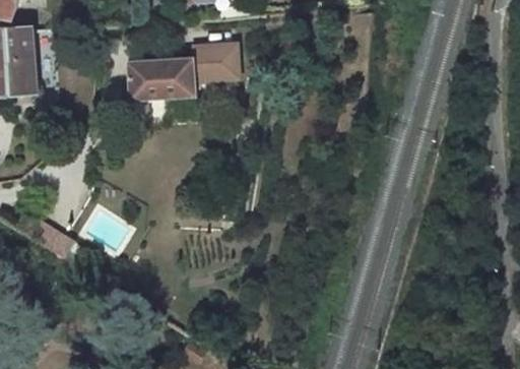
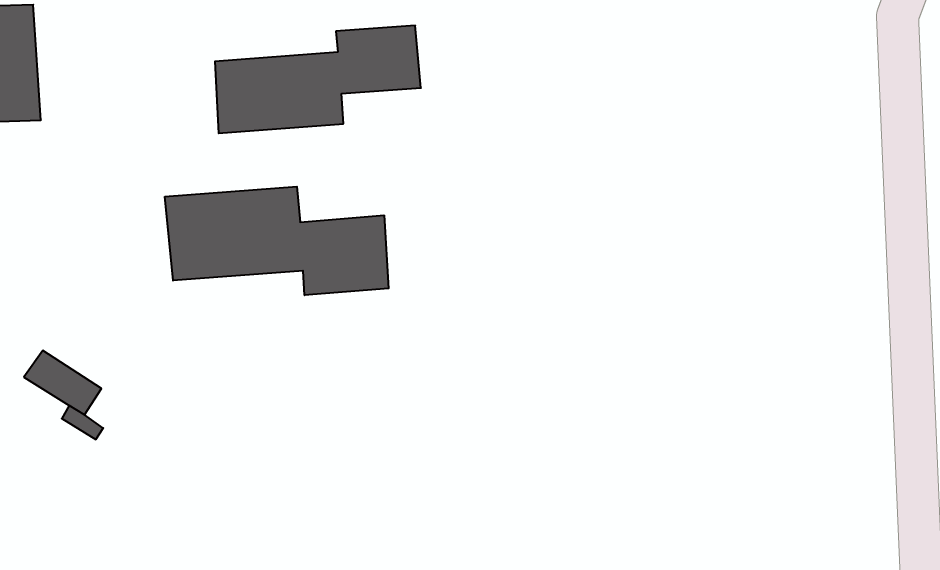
building: none -> [165,187,389,295]

